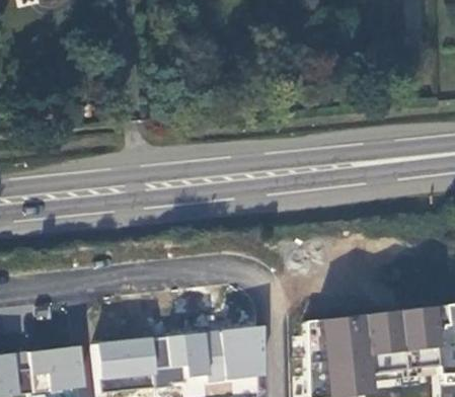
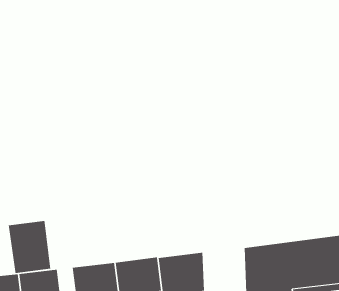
building: none -> [8,220,51,274]

